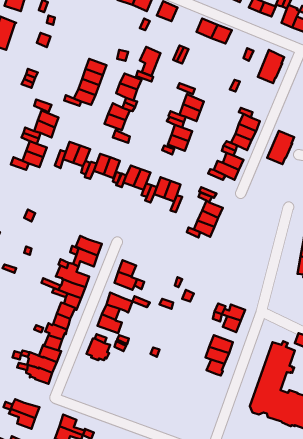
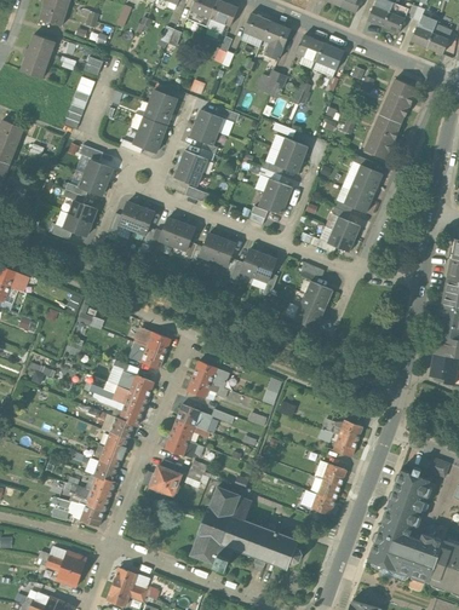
building: [140,47,161,76] -> [264,21,292,59]
building: [267,131,294,164] -> [365,114,401,159]
building: none -> [193,487,303,570]

